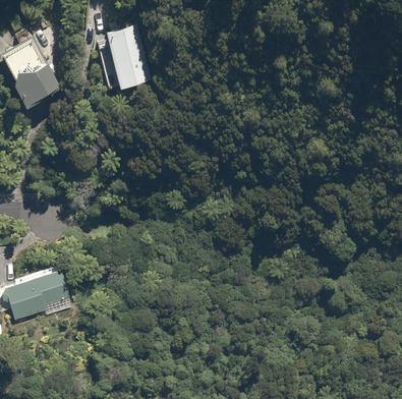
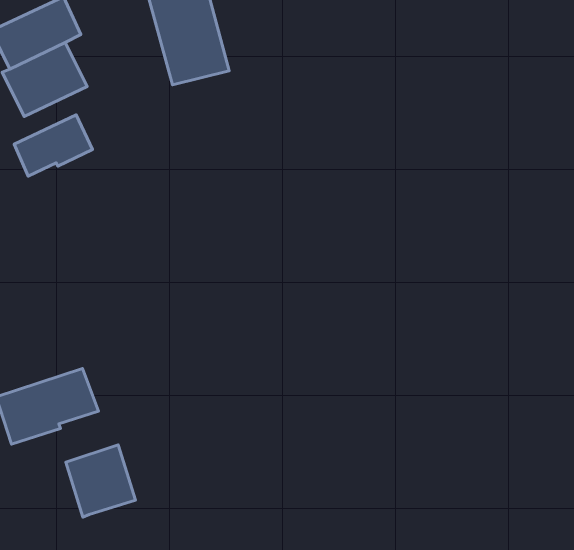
building: none -> [14,115,93,176]
building: none -> [66,445,135,517]

